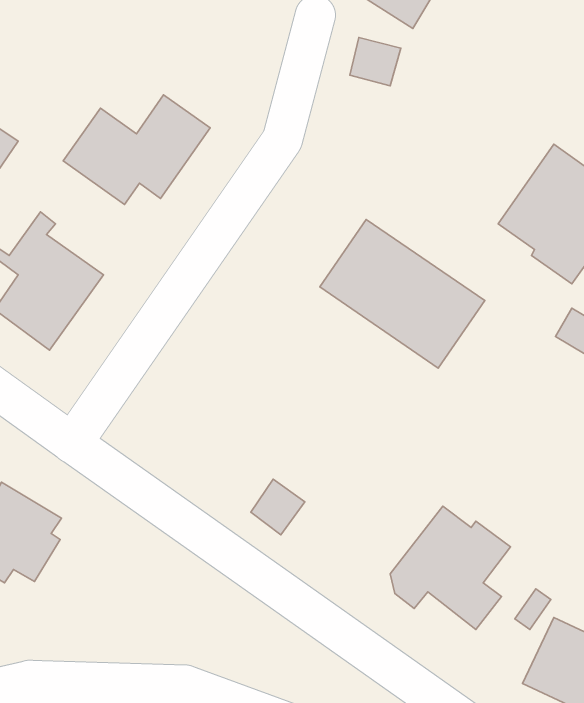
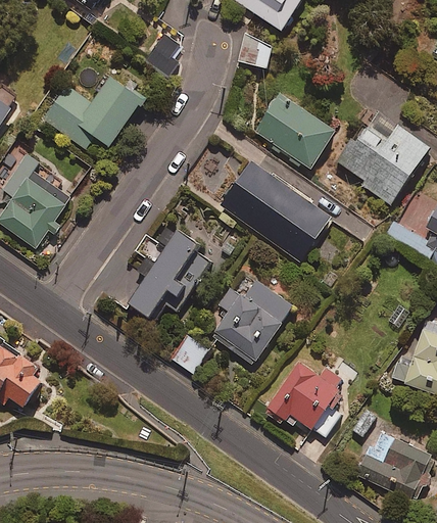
building: none -> [144,34,181,79]
building: none -> [254,93,336,170]
building: none -> [131,226,200,322]
building: none -> [208,270,294,365]

